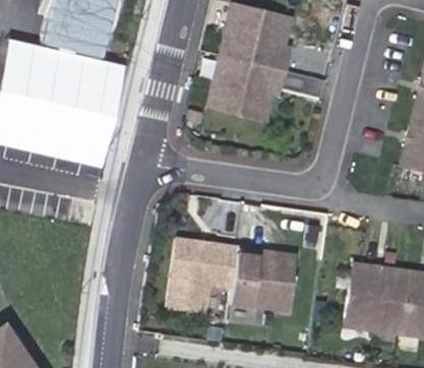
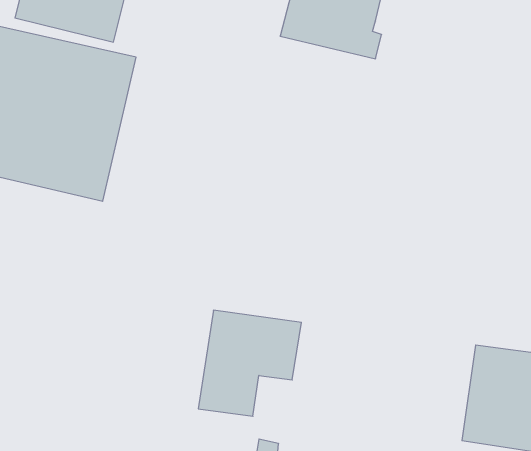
building: [209,54,286,118] -> none
building: [228,246,295,309] -> none

